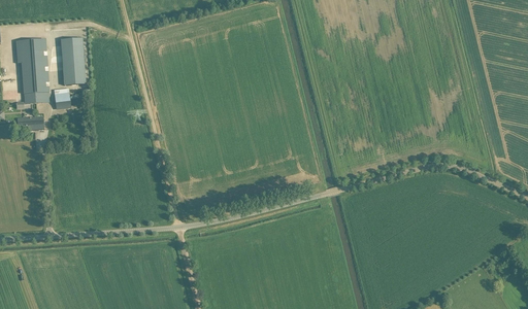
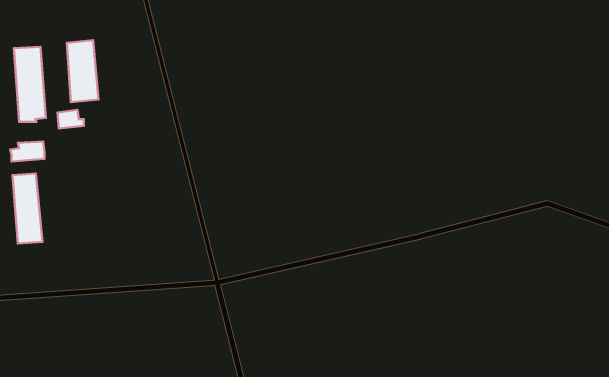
building: none -> [12,174,43,244]

